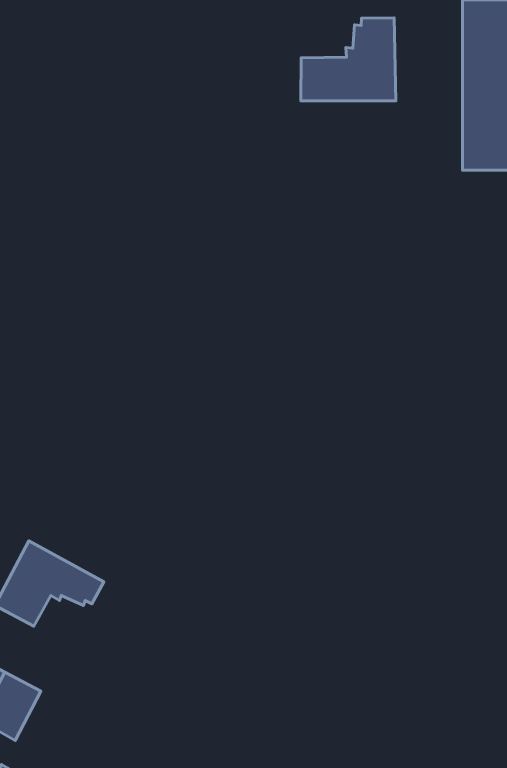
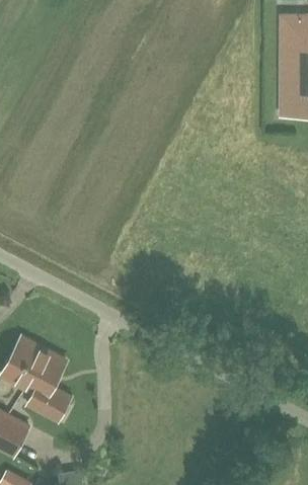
building: [301,18,396,101] -> none
building: none -> [24,371,71,421]

